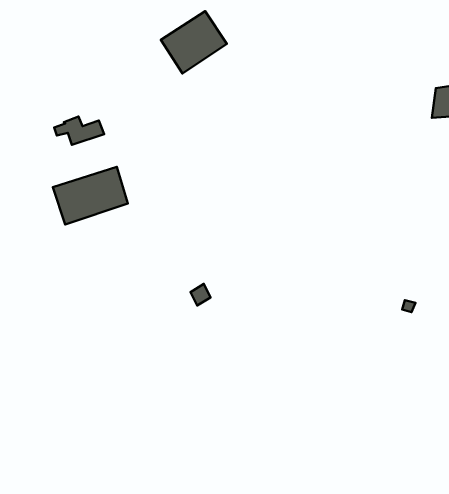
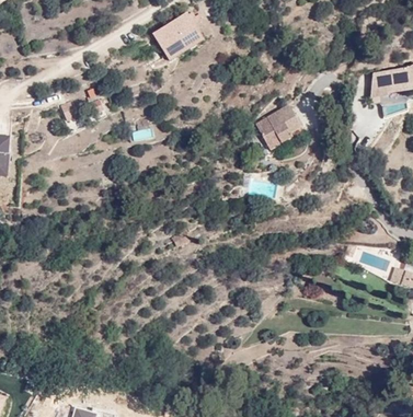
building: none -> [255,102,302,143]
building: [53,167,128,224] -> none

